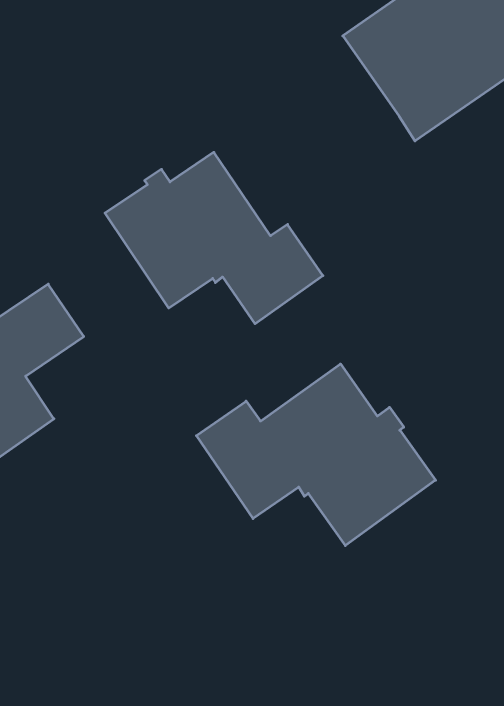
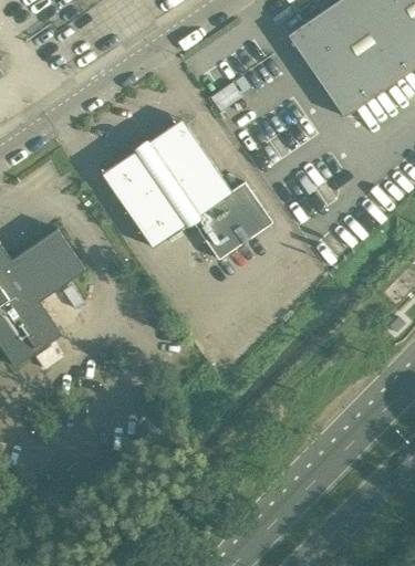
building: [196,364,436,546] -> none

